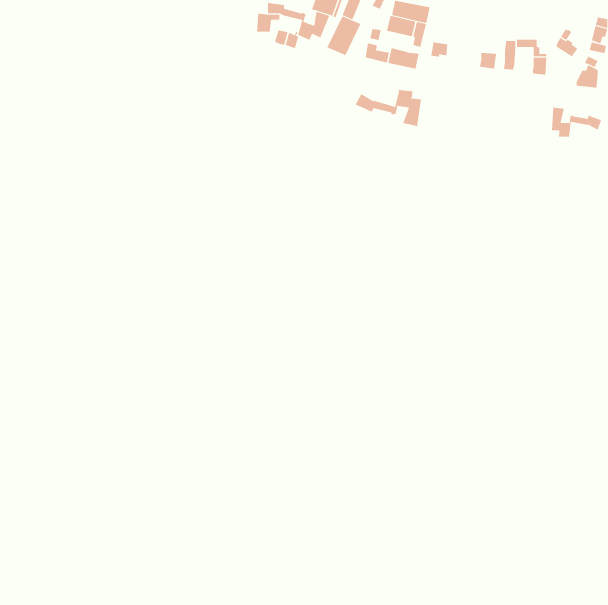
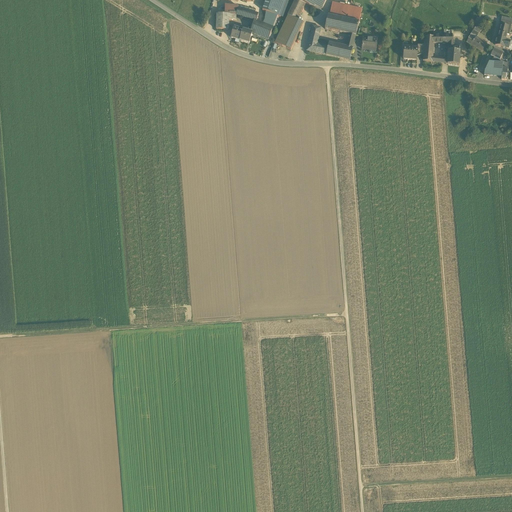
building: [355,88,421,127] -> none
building: [552,107,602,138] -> none

